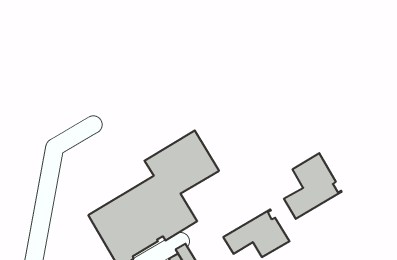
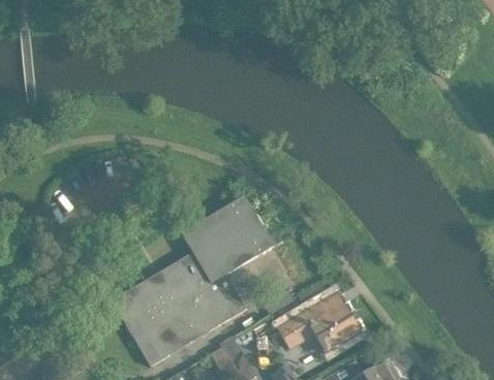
building: [284,153,342,219] -> none

